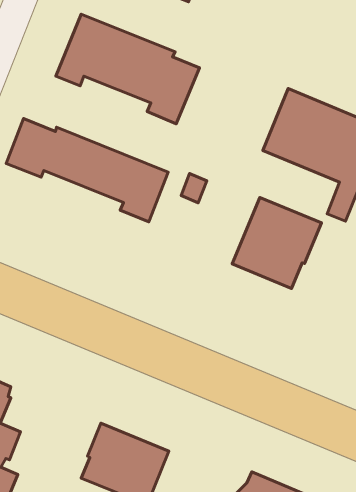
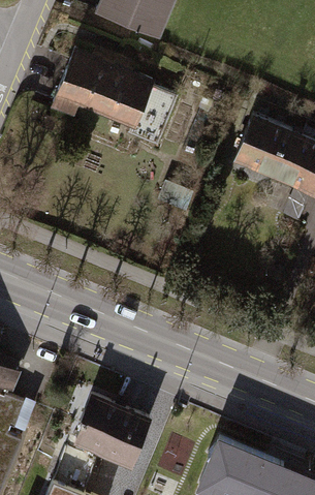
building: [6,119,168,222] -> none
building: [232,197,321,289] -> none

